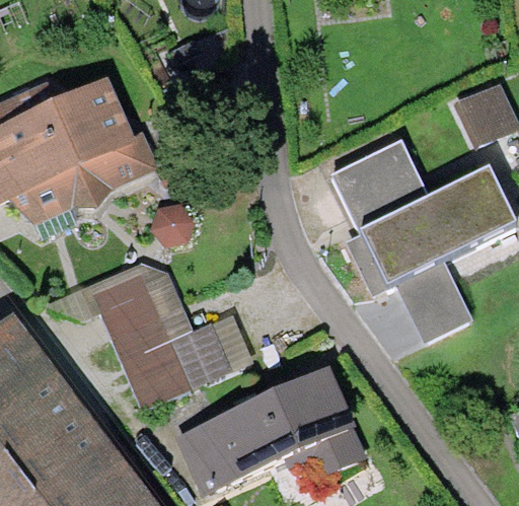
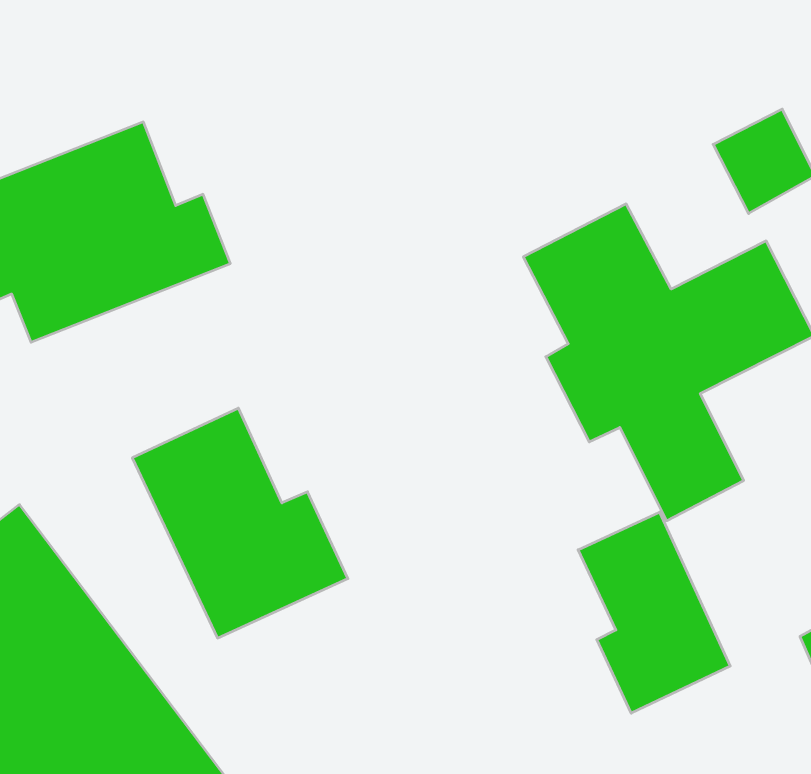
building: none -> [578,512,730,713]
building: [180,364,369,494] -> none

